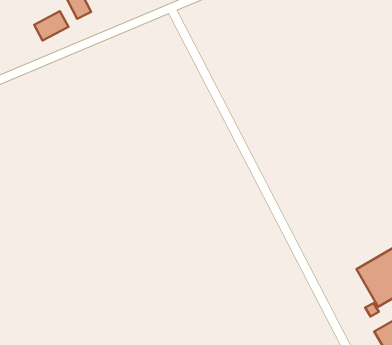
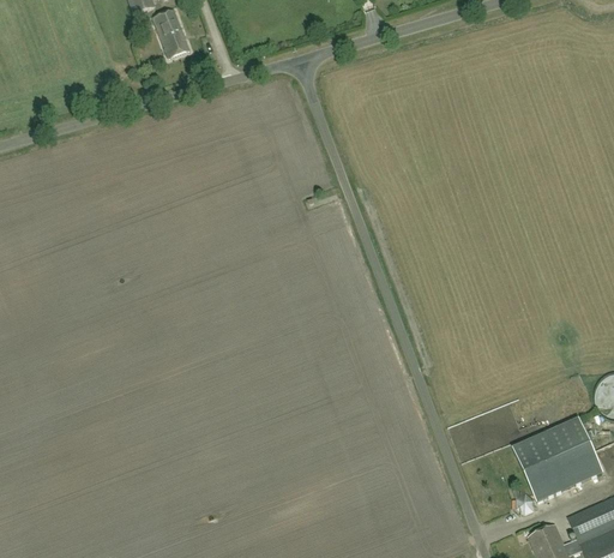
building: [34,11,68,40] -> none

